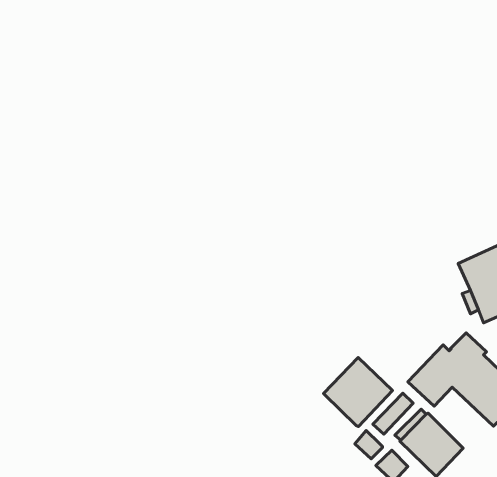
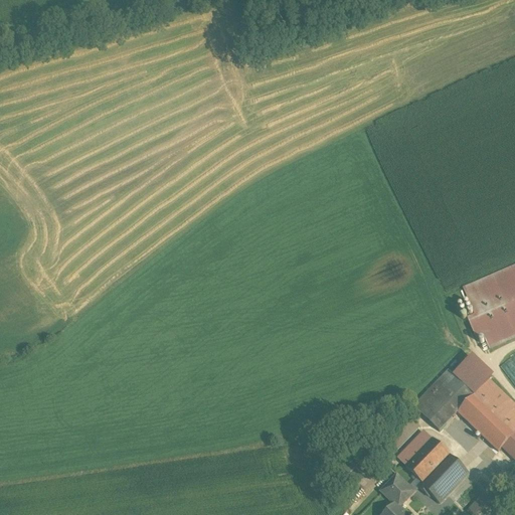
building: [323,357,392,427] -> none
building: [355,431,383,459] -> none

